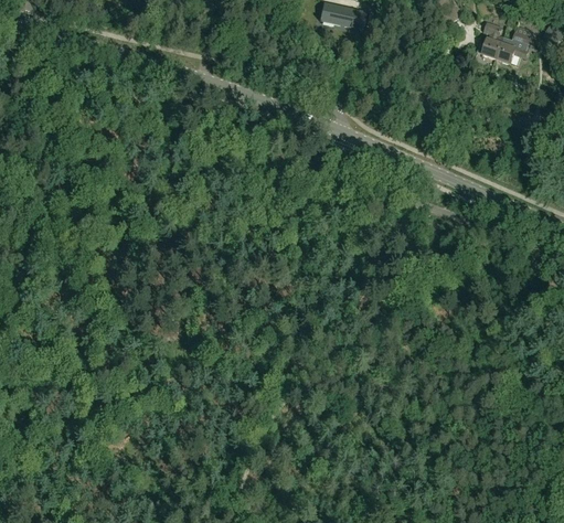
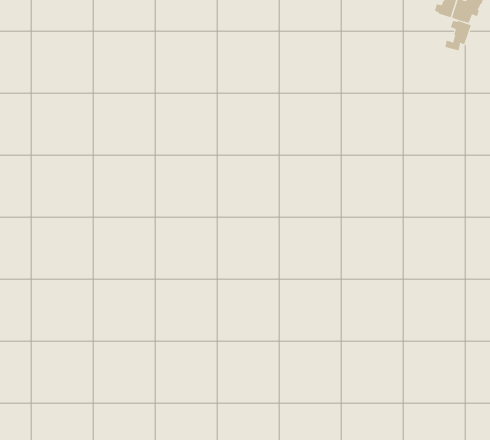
building: none -> [445,20,471,51]

